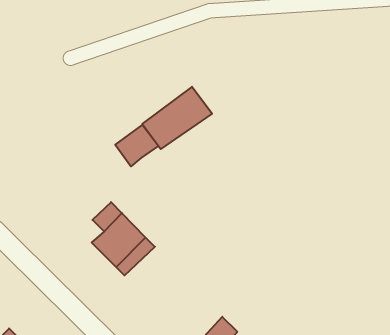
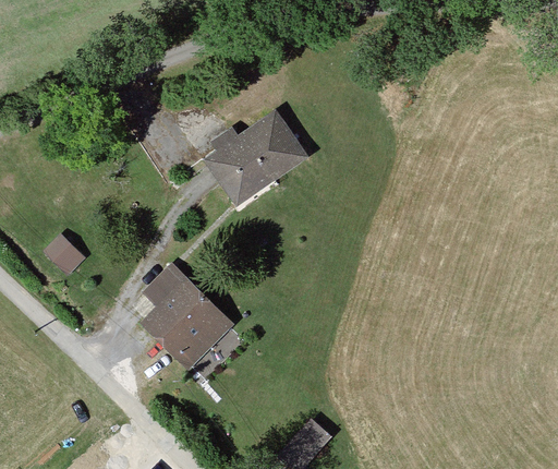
building: [115,125,158,166] -> none
building: none -> [44,231,87,274]

